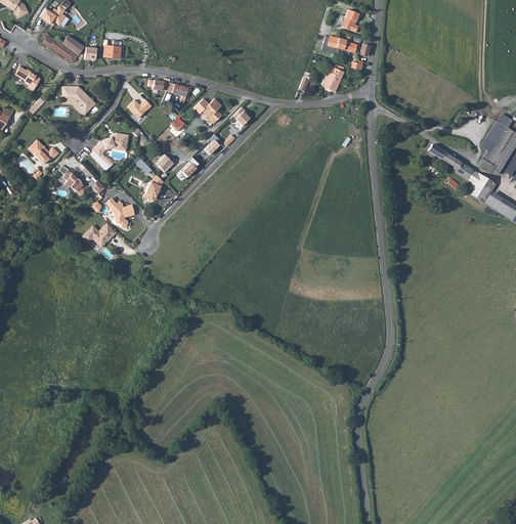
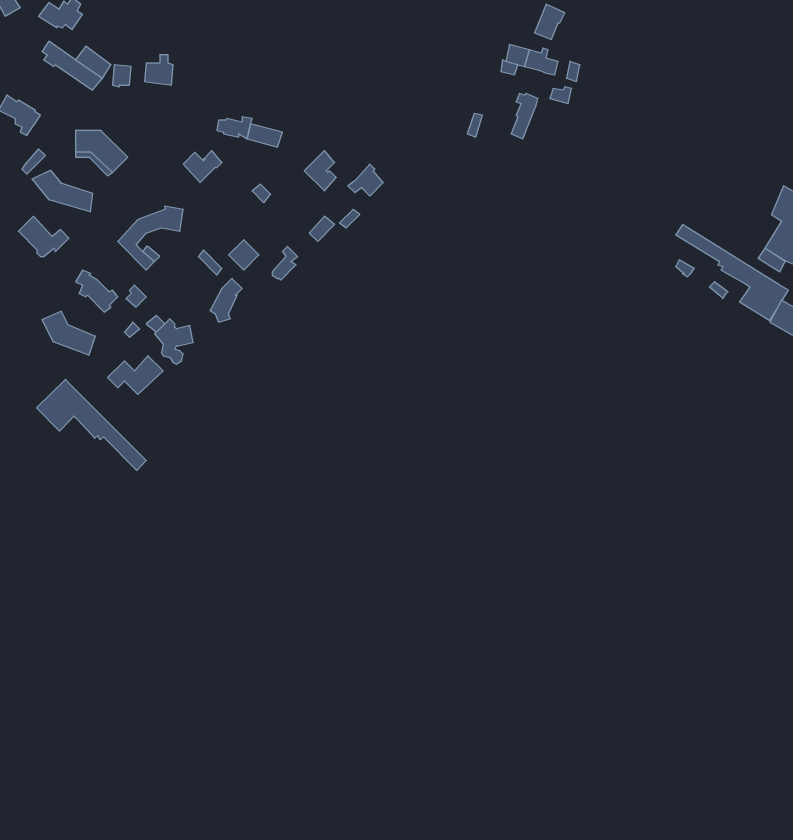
building: none -> [32,170,93,212]
building: none -> [42,311,95,355]
building: none -> [37,379,146,470]

